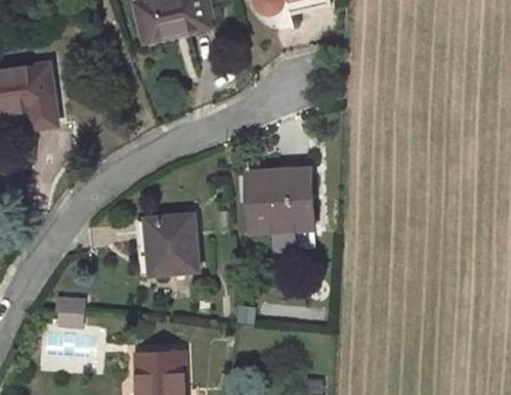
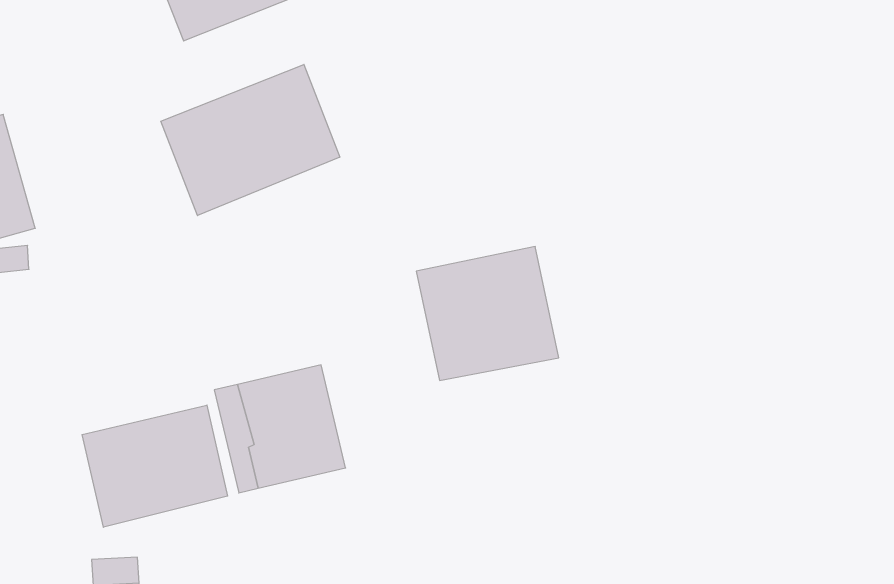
building: none -> [161,64,340,216]
building: none -> [82,405,228,527]

